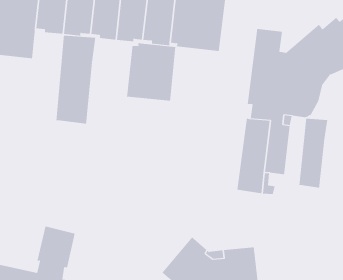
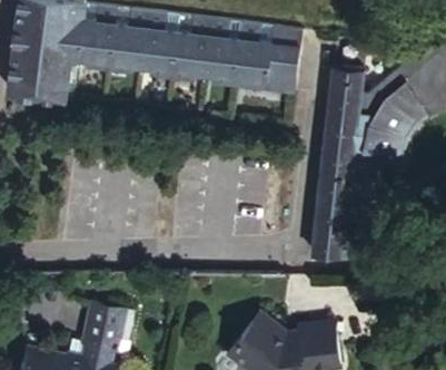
building: [56,35,96,125] -> none
building: [127,42,176,102] -> none
building: [299,118,328,188] -> none

